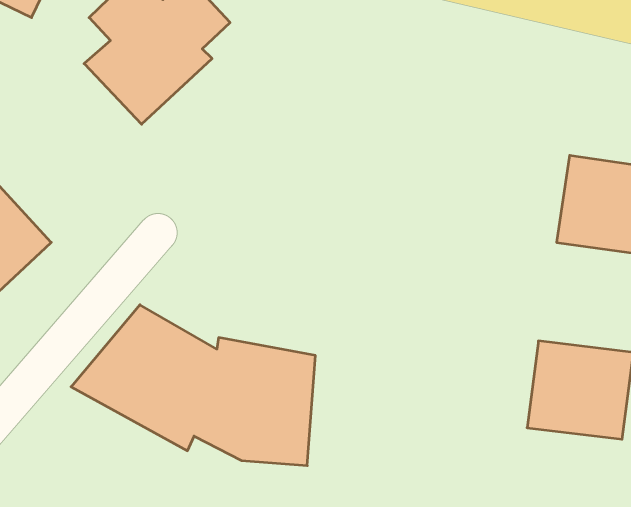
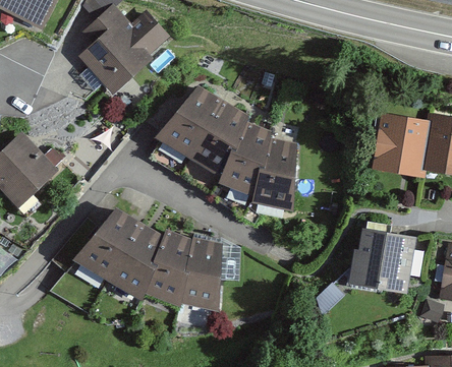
building: none -> [152,87,297,211]

